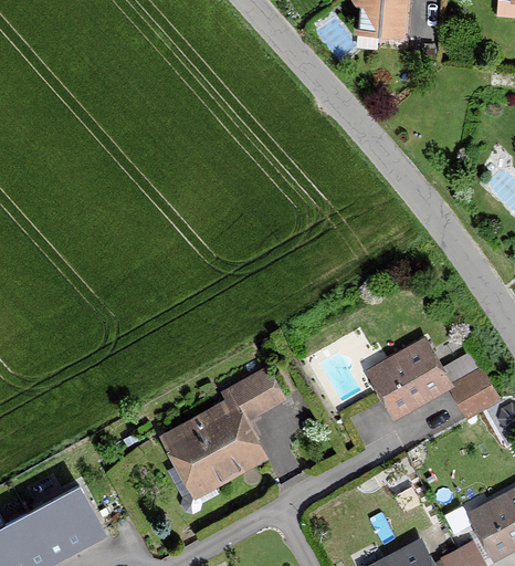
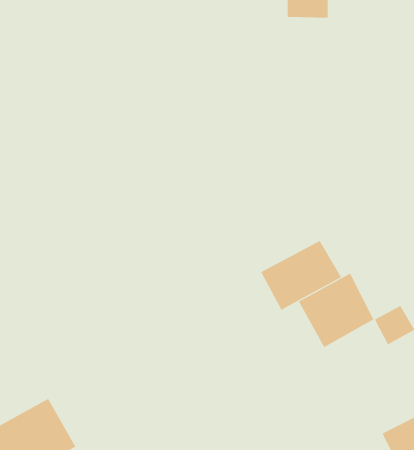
building: none -> [260,240,342,311]
building: [160,377,294,504] -> none

